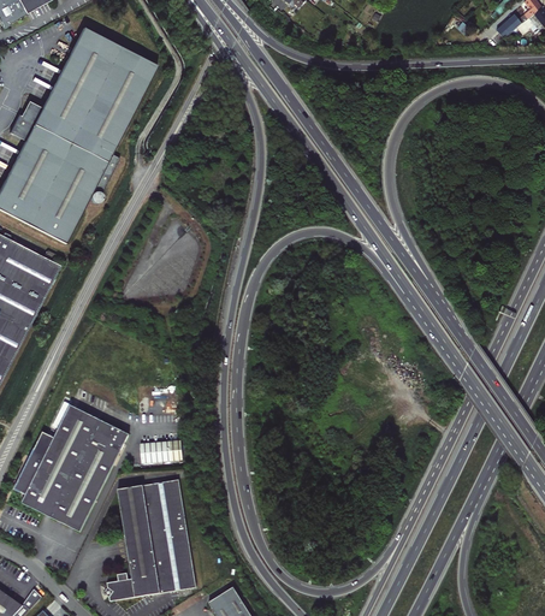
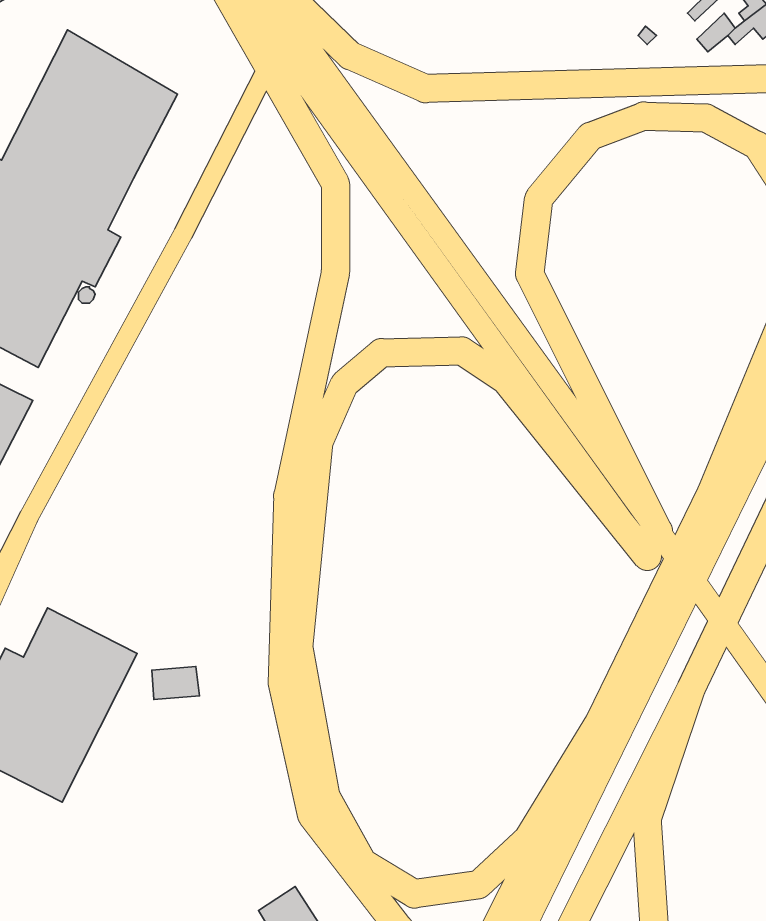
building: [101,479,195,599] -> none

